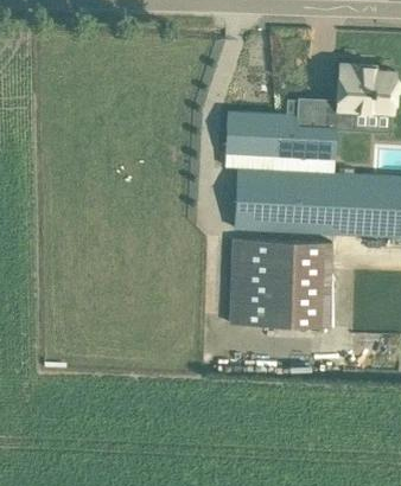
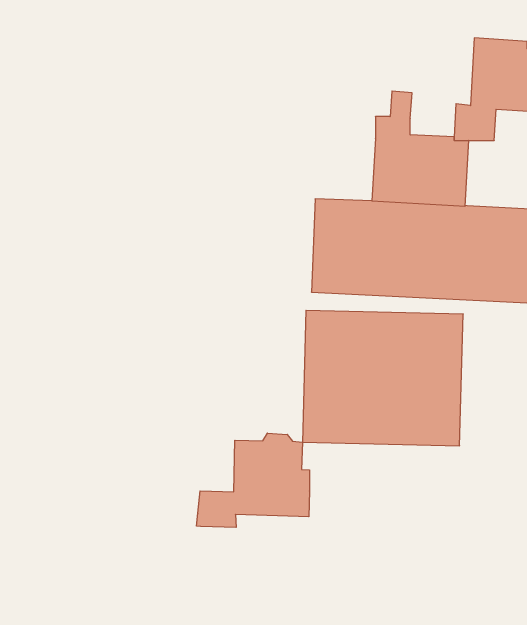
building: [225,111,276,170] -> none
building: none -> [197,433,309,527]

